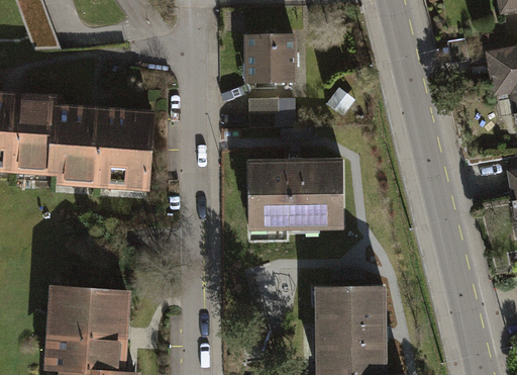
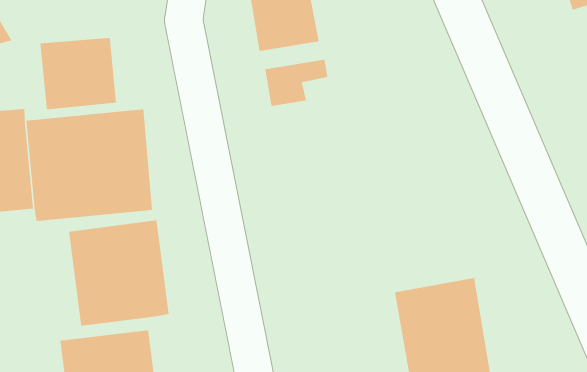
building: none -> [40,37,116,110]
building: [249,160,343,230] -> none
building: none -> [69,219,169,326]

